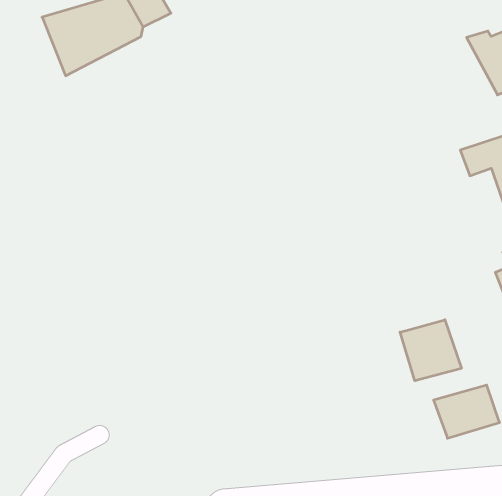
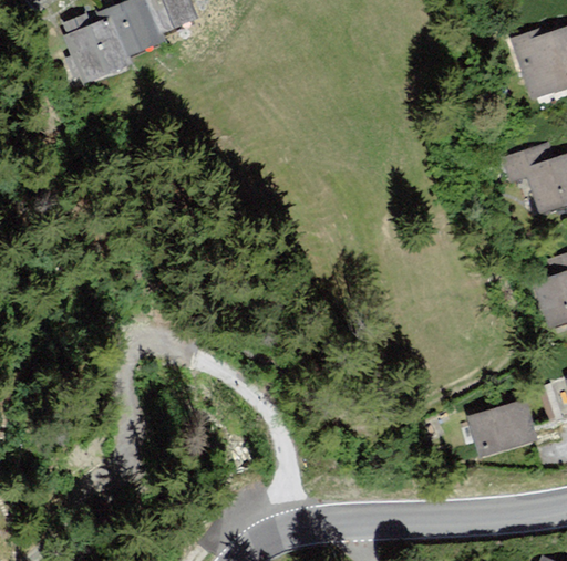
building: [400,320,461,381] -> none

